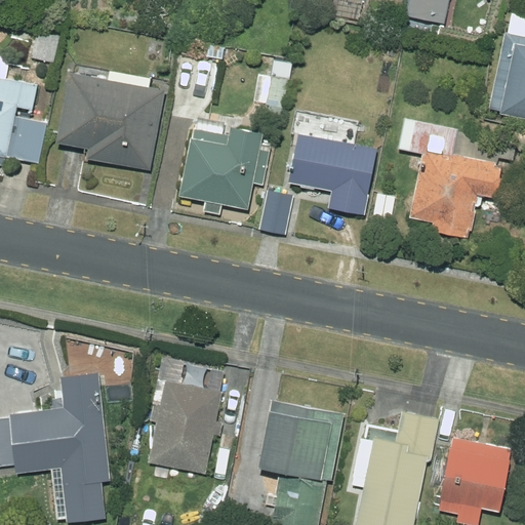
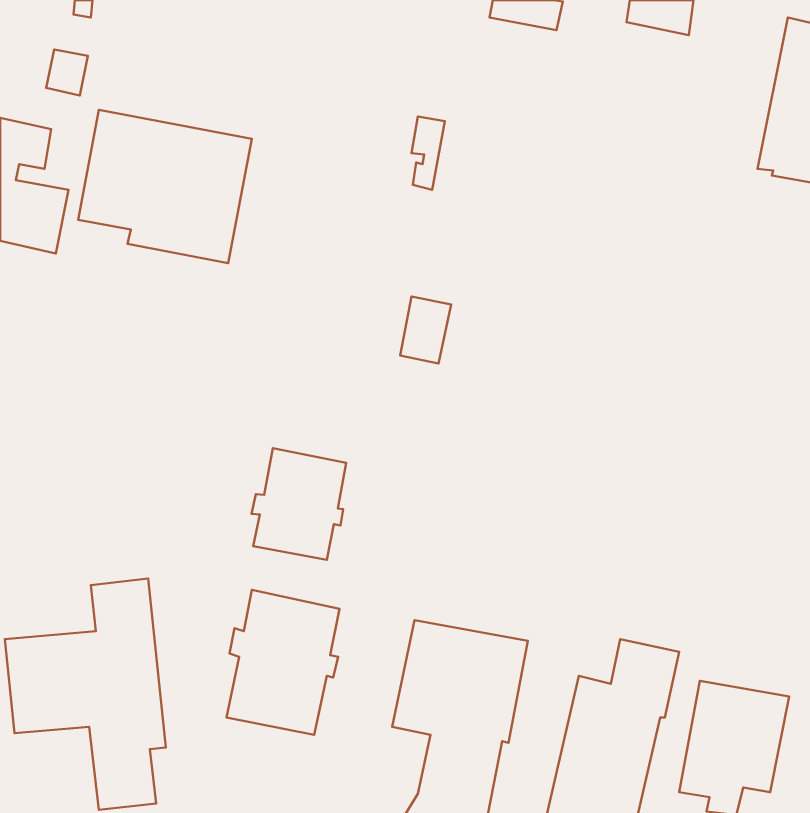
building: [410,122,501,238] -> none
building: [177,128,262,210] -> none
building: [288,134,375,214] -> none
building: none -> [252,448,346,560]

